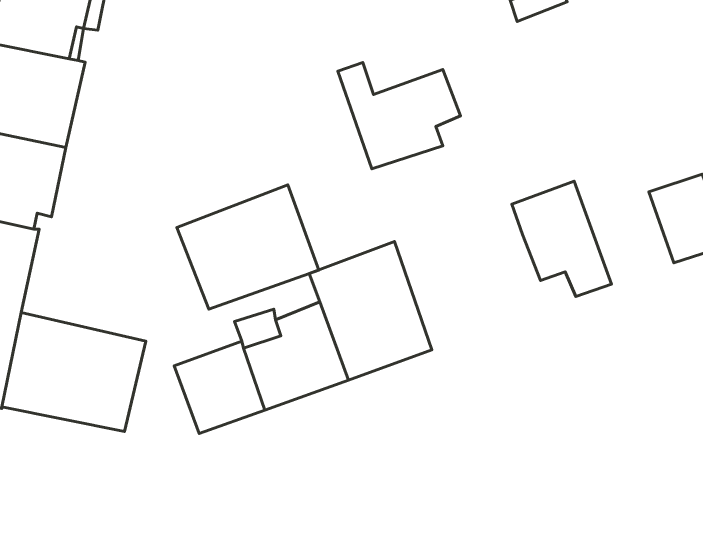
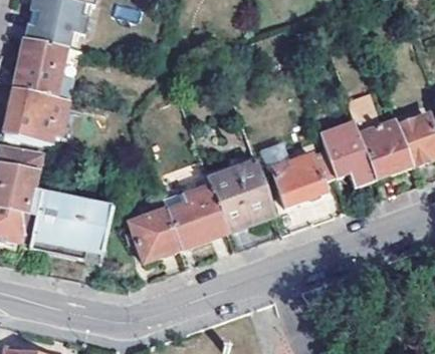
building: [338,62,461,169] -> [265,146,335,207]
building: none -> [359,122,410,179]
building: [177,185,319,309] -> none

